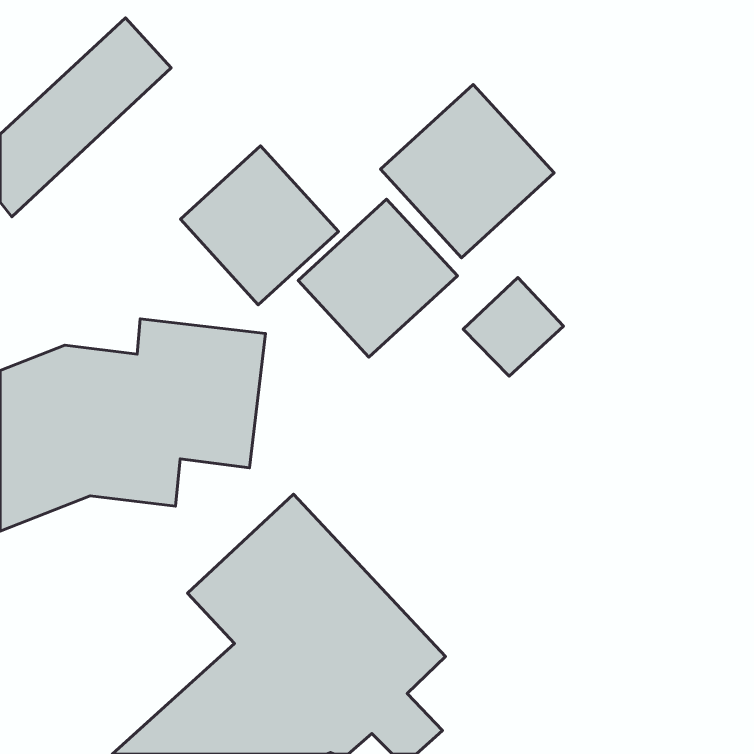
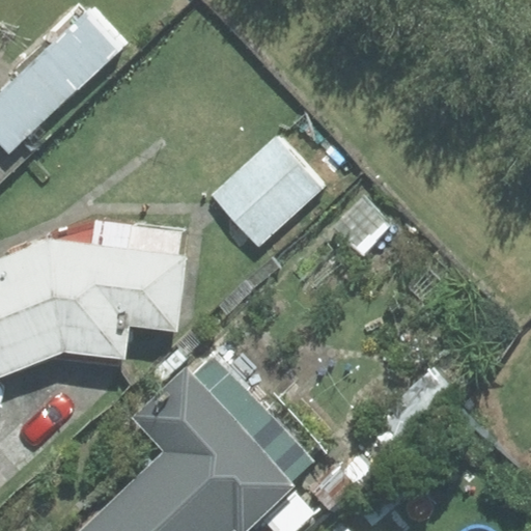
building: [381,84,554,258] -> none
building: [180,146,338,305] -> none

